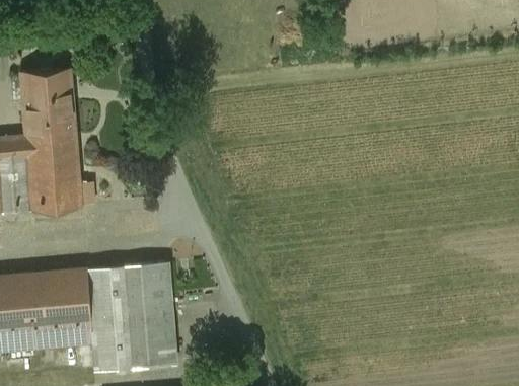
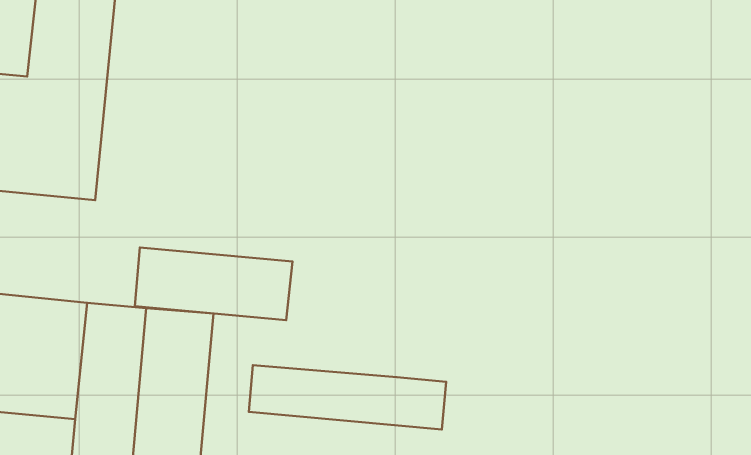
building: none -> [135,248,293,320]
building: none -> [249,365,446,430]

